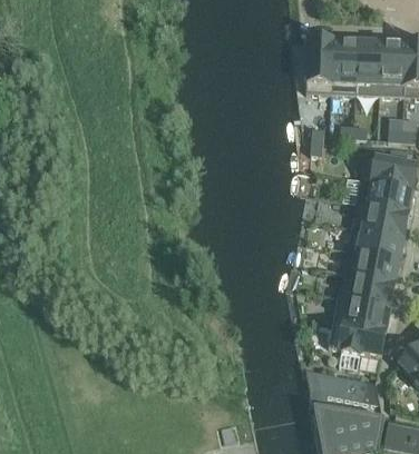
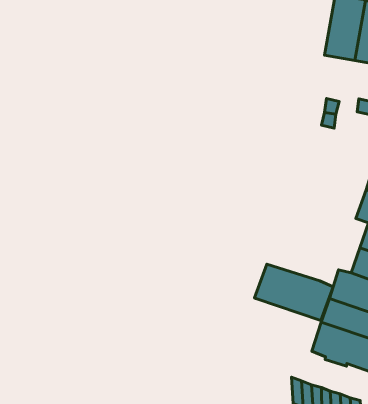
building: none -> [255,264,333,321]

